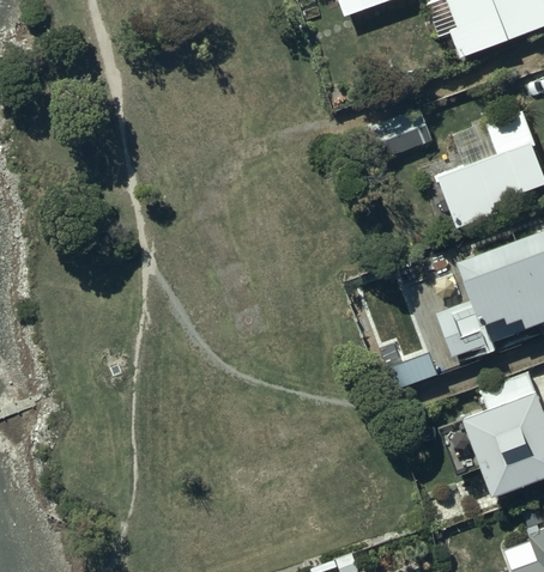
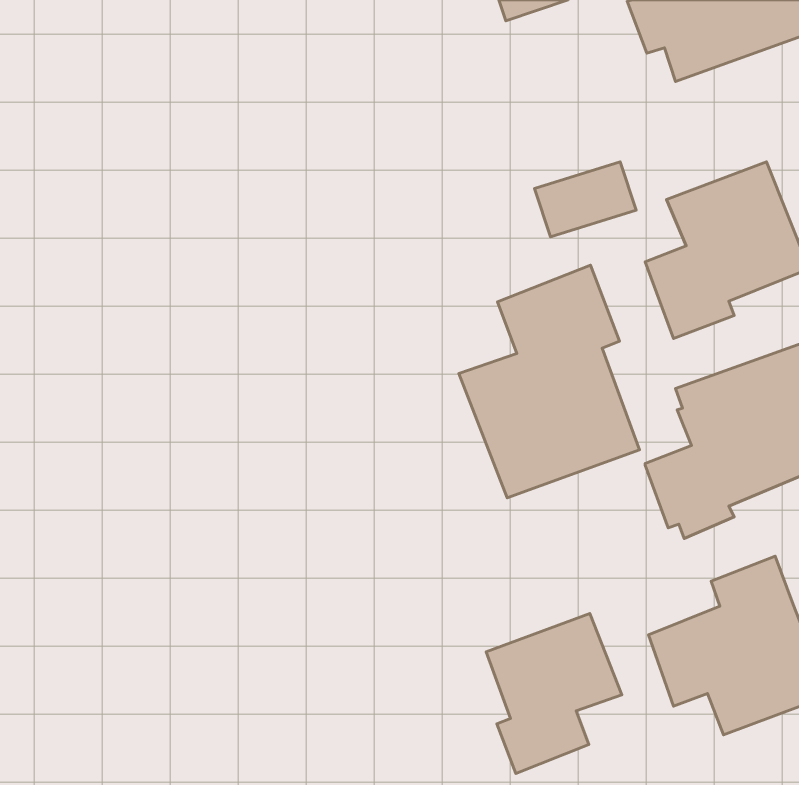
building: none -> [459,265,639,498]
building: none -> [486,614,622,773]

